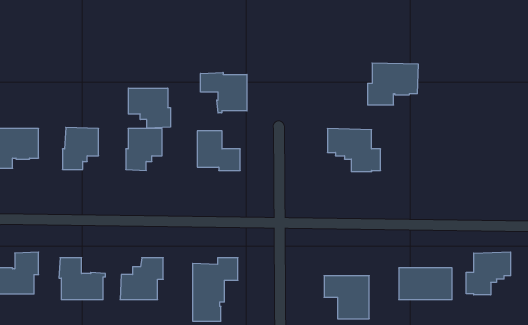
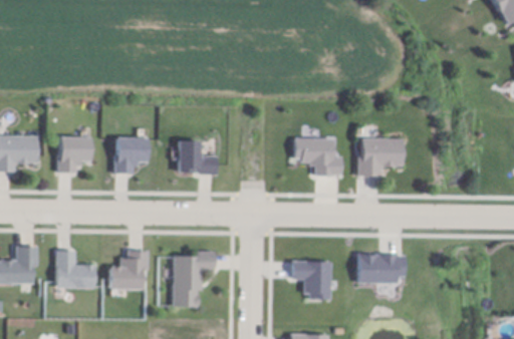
building: [368,63,418,105] -> [357,136,403,174]
building: [201,72,247,113] -> none
building: [128,88,170,128] -> none
building: [466,252,511,295] -> none

